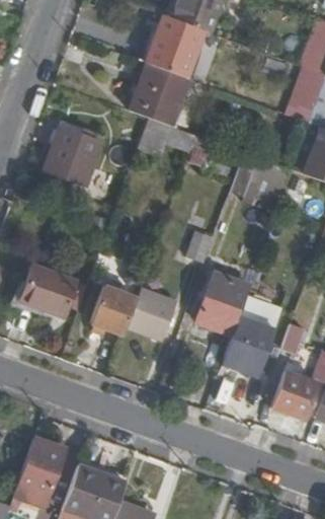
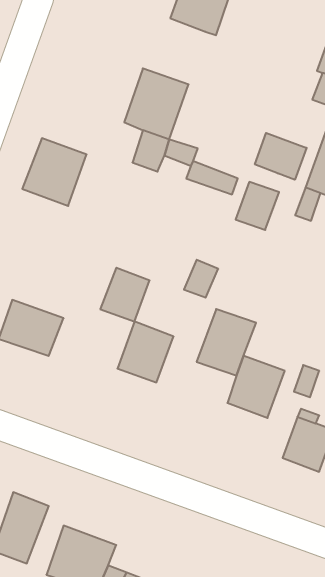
building: [148,15,204,77] -> none
building: none -> [255,133,307,180]
building: [90,286,134,333] -> [100,268,150,322]

